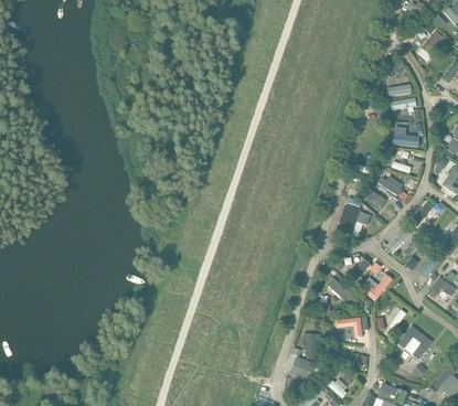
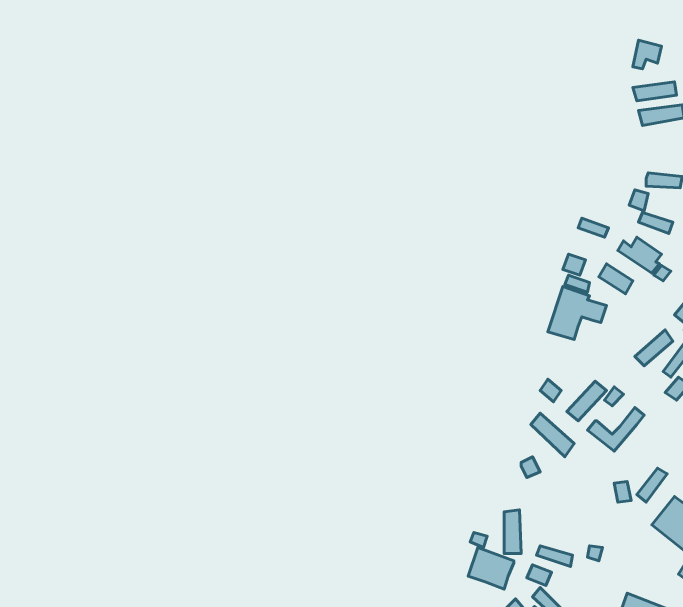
building: [335,317,362,338] -> none

